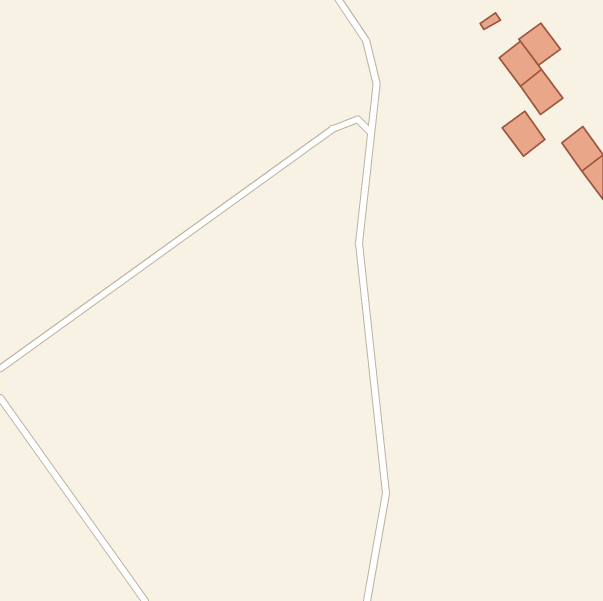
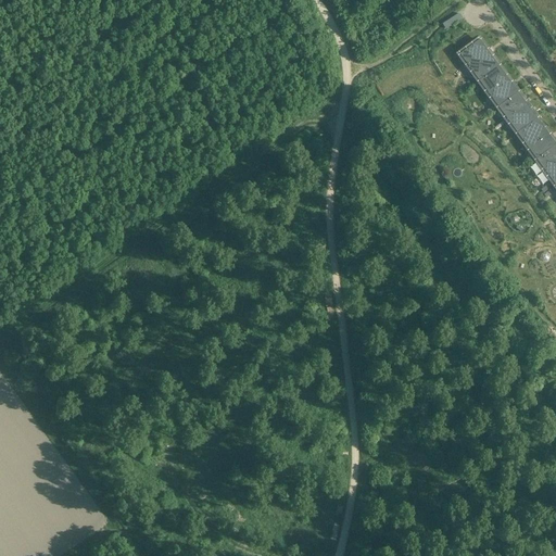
building: [519,23,560,65] -> none
building: [502,111,545,156] -> [497,90,536,131]

